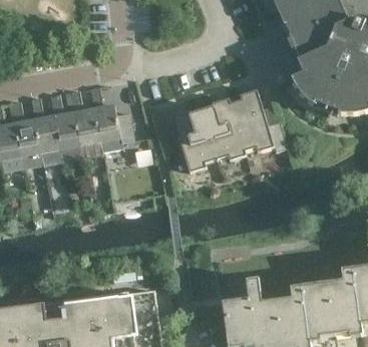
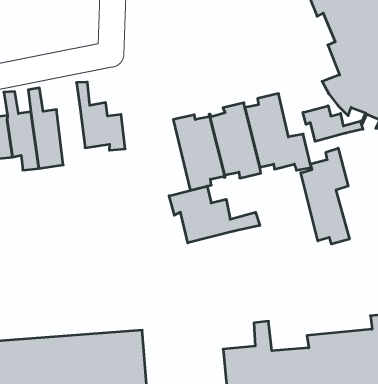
building: [69,92,100,157] -> none
building: none -> [303,106,363,141]
building: none -> [301,148,349,244]
building: none -> [169,186,260,243]

